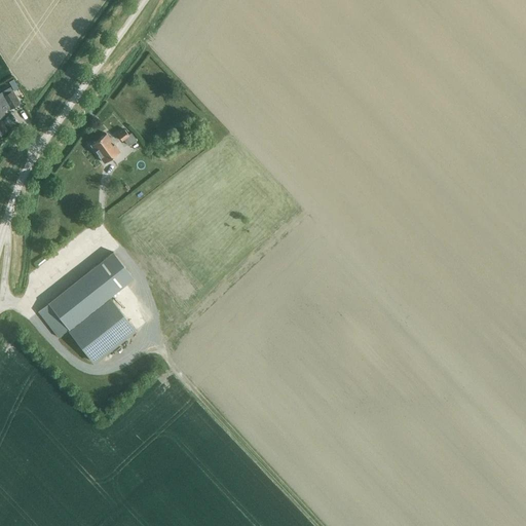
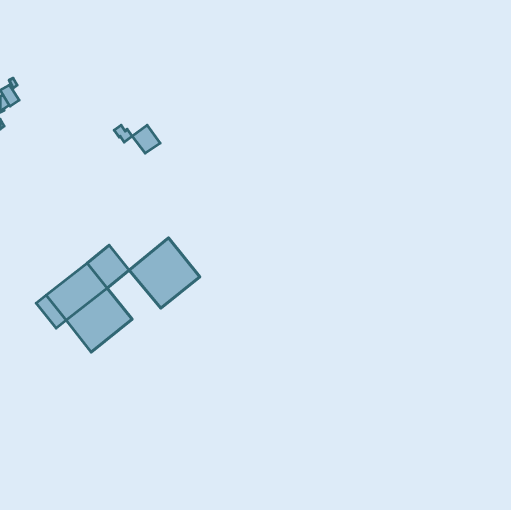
building: [90,134,119,162] -> [132,125,160,153]
building: none -> [129,238,200,308]

